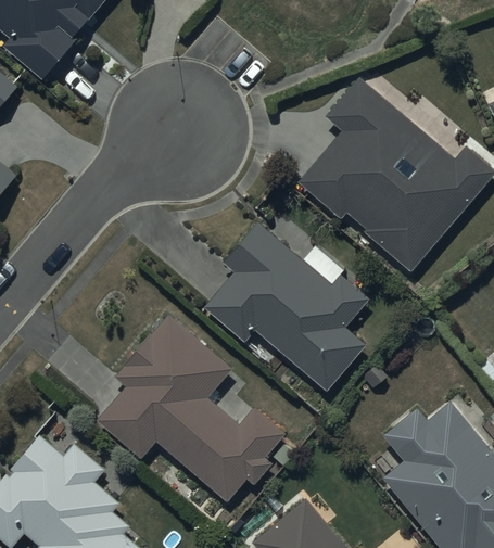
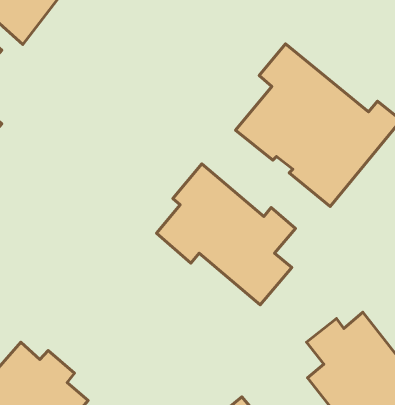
building: [96,316,286,502] -> none

